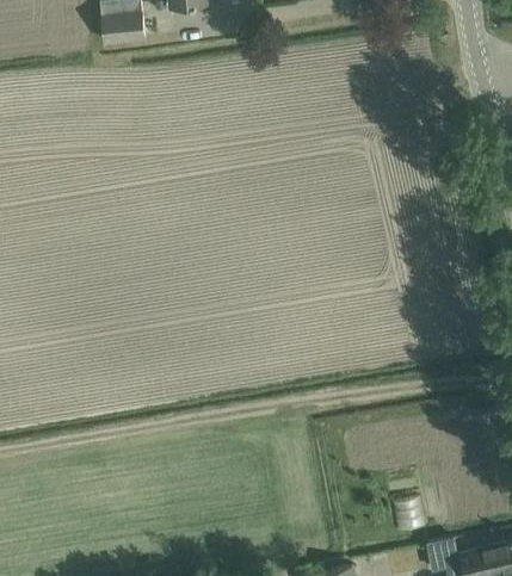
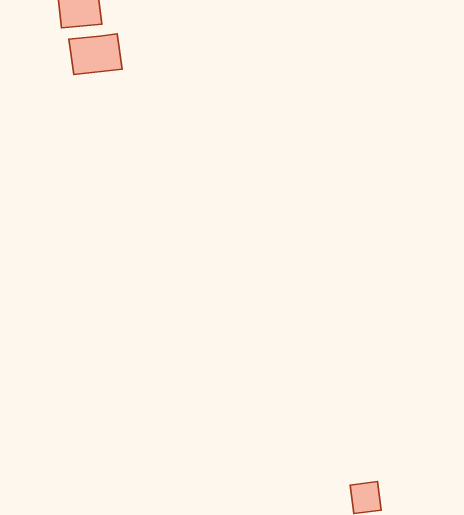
building: none -> [69,34,122,75]

